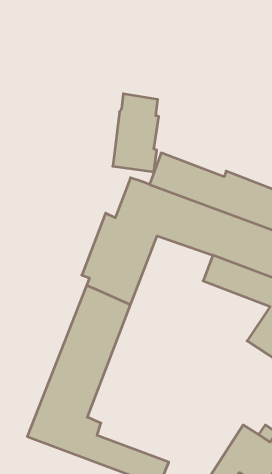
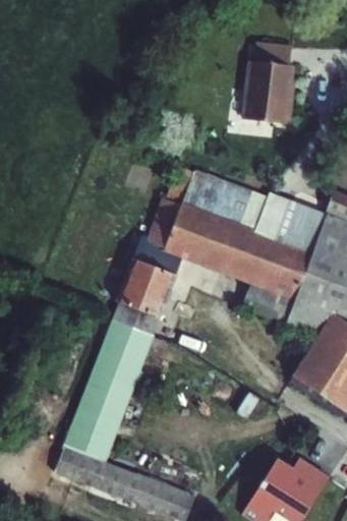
building: [113,94,159,172] -> [237,36,286,119]

